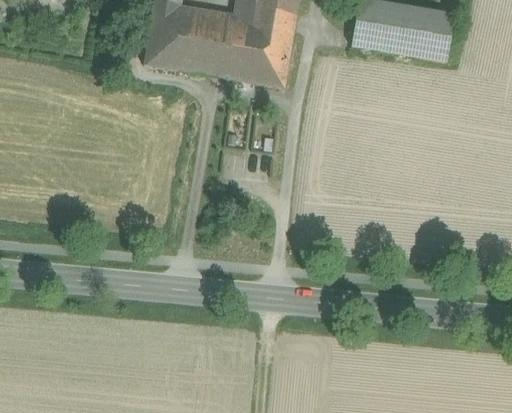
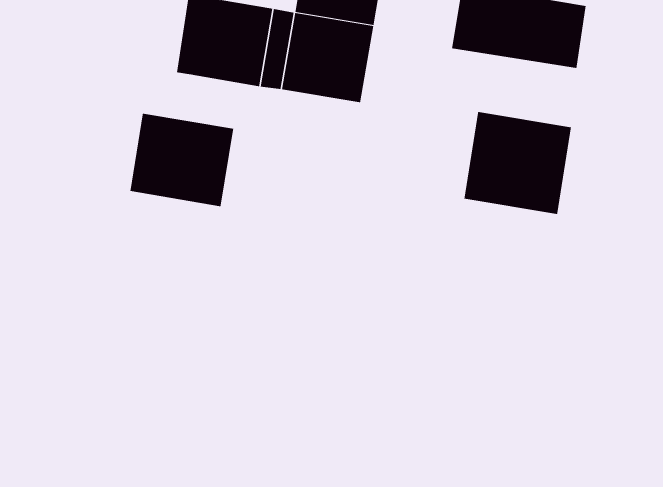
building: none -> [464,111,572,215]
building: none -> [130,113,234,207]

